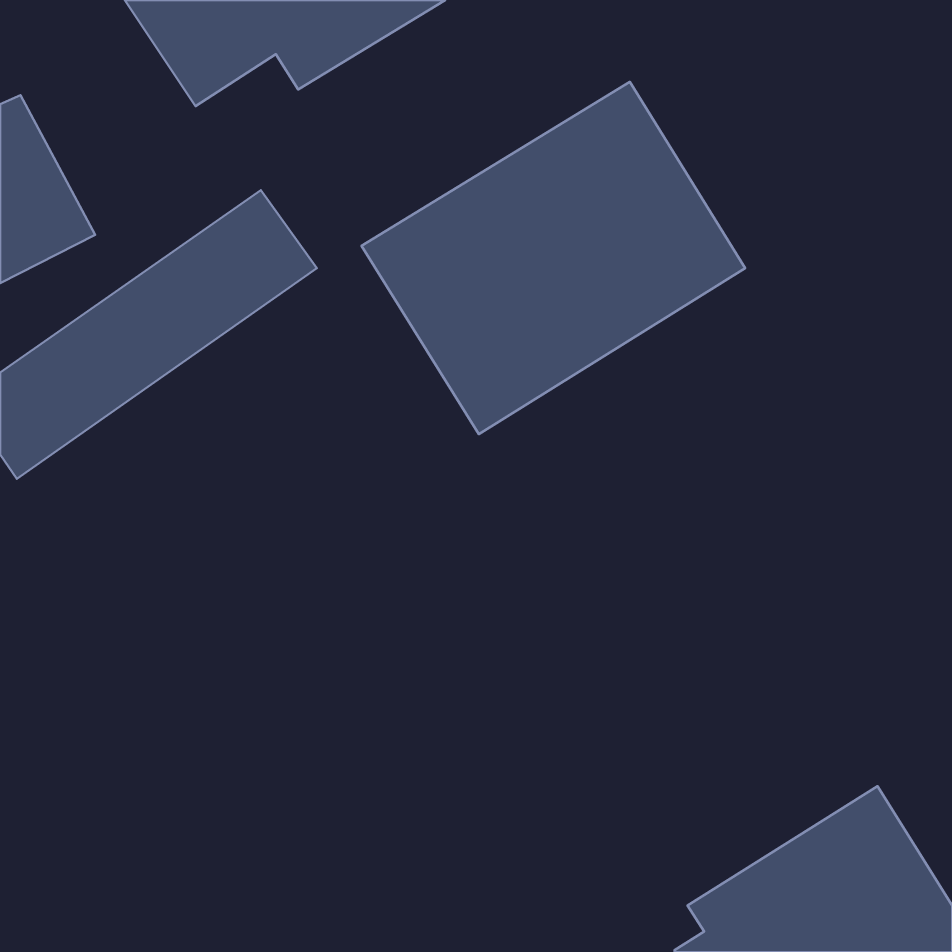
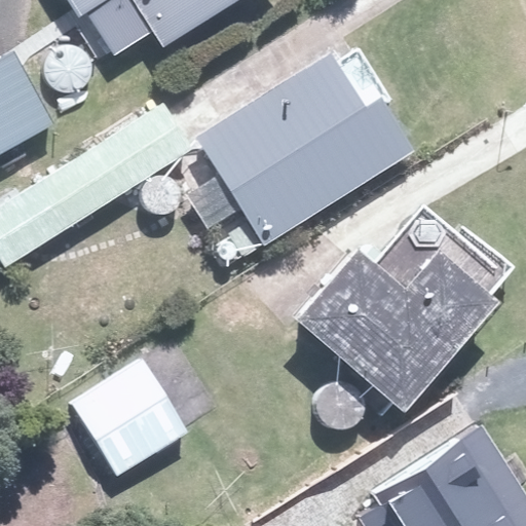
building: none -> [303,247,493,402]
building: none -> [73,359,186,474]

